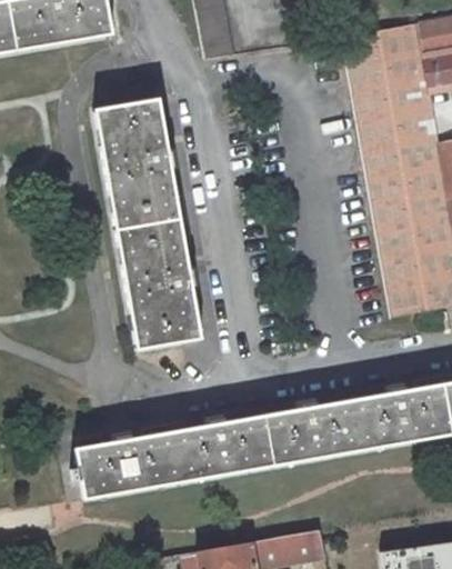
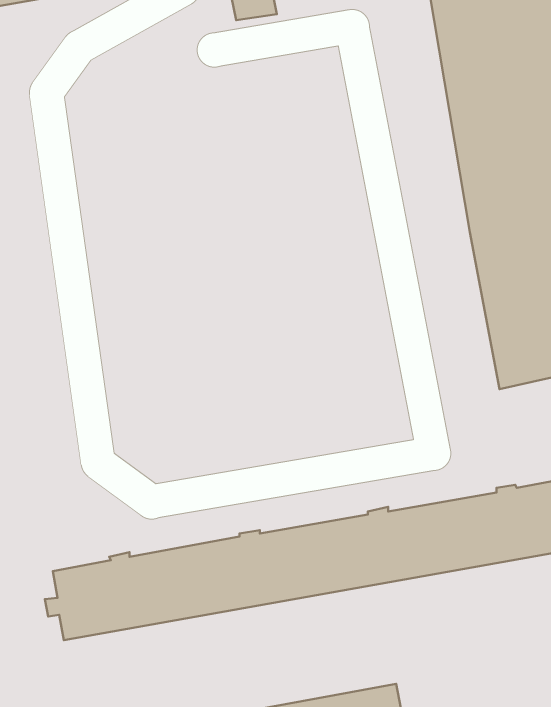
building: [96,99,201,349] -> none

